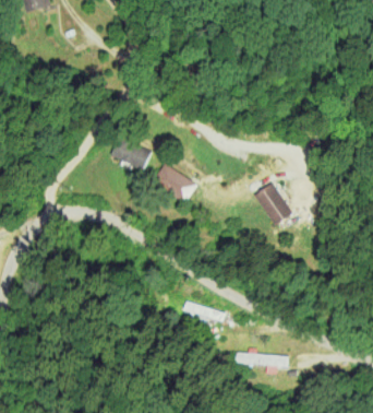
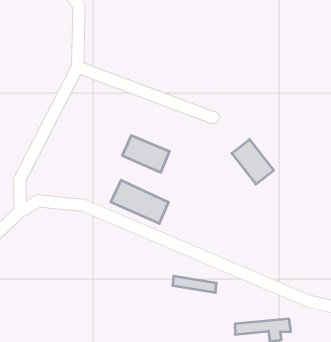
building: [110,137,151,169] -> none
building: none -> [111,180,168,224]

